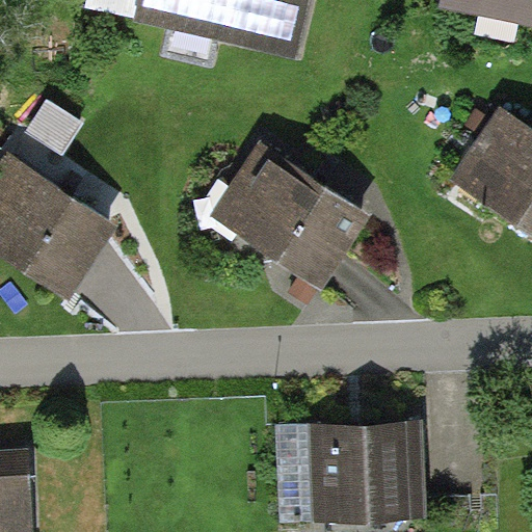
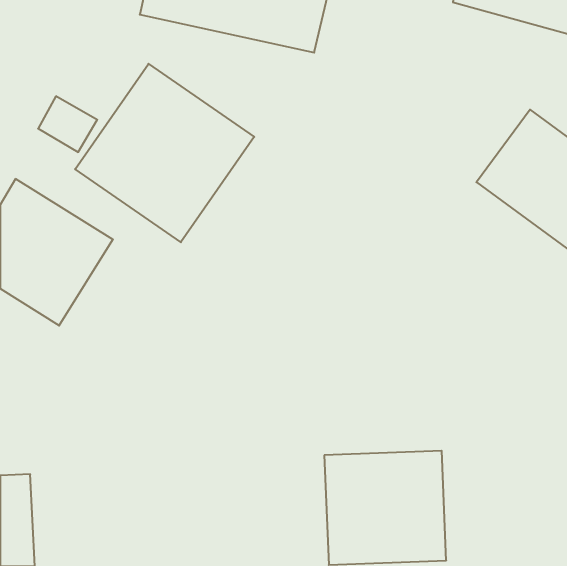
building: none -> [75,64,254,242]
building: [198,136,363,291] -> none

